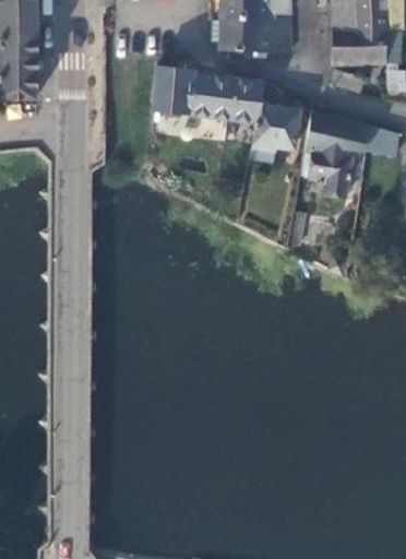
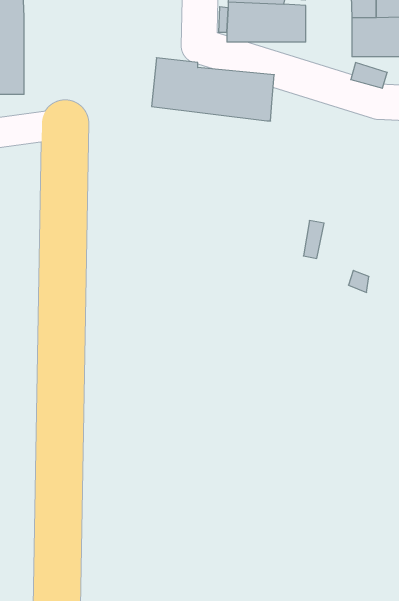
building: [251,105,300,160] -> none
building: [301,109,369,197] -> none

